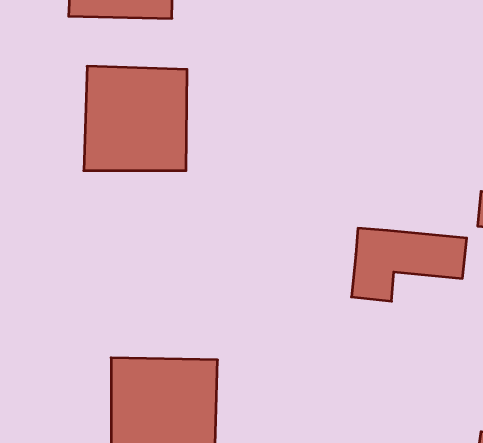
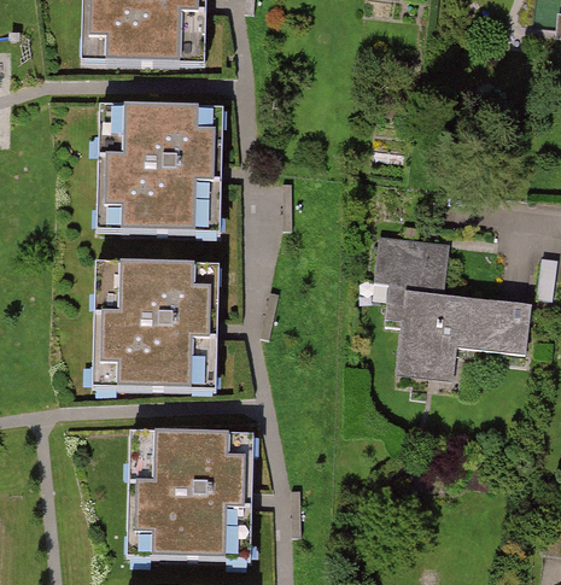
building: none -> [375,230,448,321]
building: none -> [99,265,217,386]

